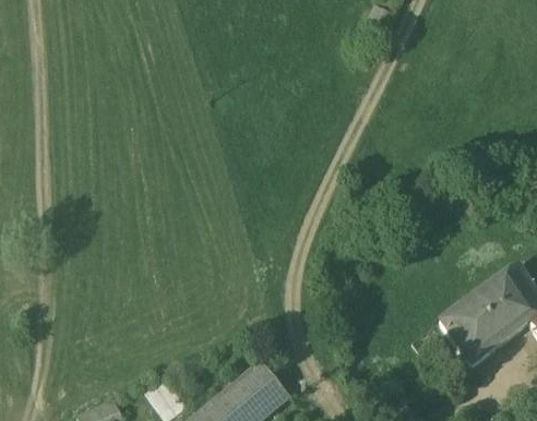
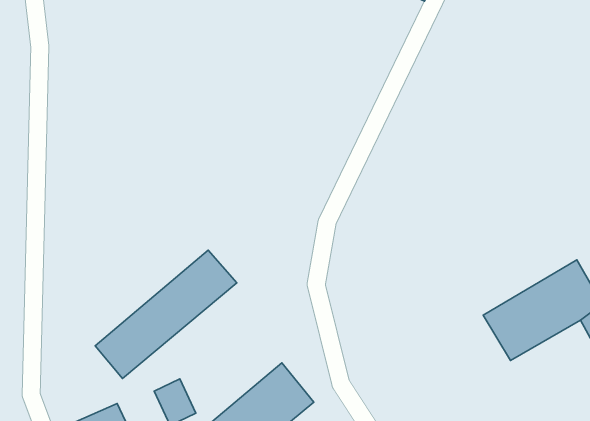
building: none -> [95,250,237,378]

